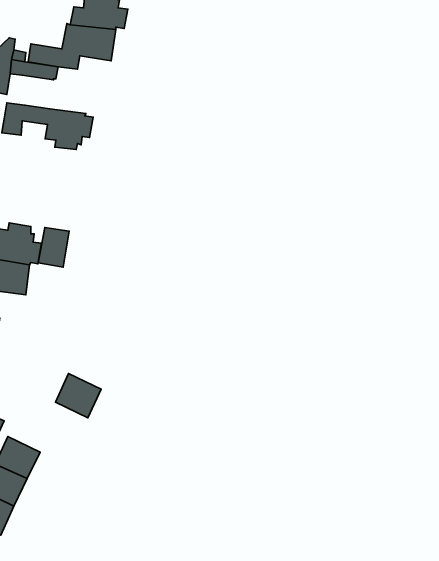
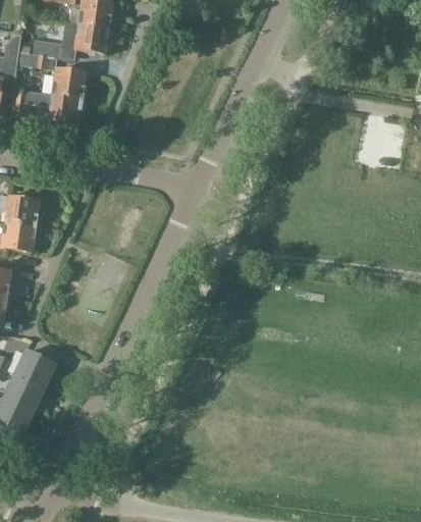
building: none -> [51,68,85,98]
building: [38,228,69,267] -> none
building: [55,373,101,418] -> [15,348,54,385]

